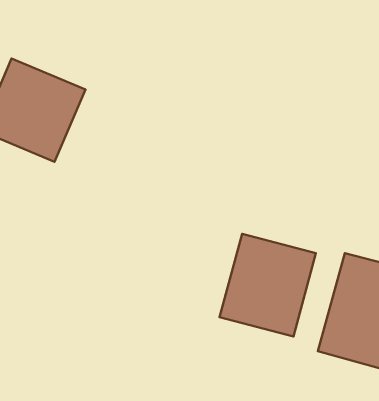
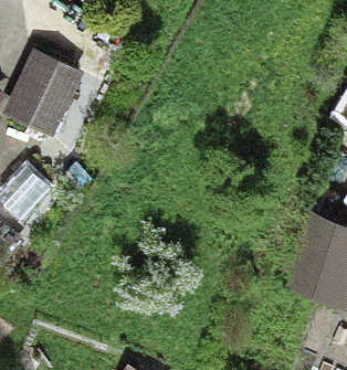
building: [220,234,316,336] -> none

